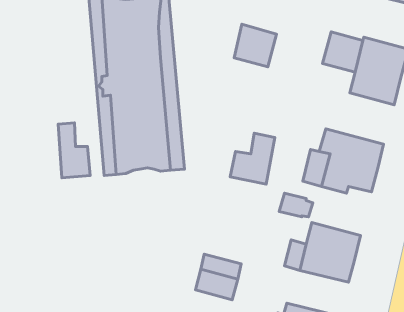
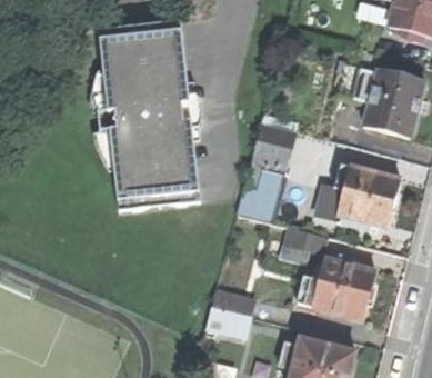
building: [234,24,277,67] -> [253,120,297,163]
building: [58,123,90,178] -> none

